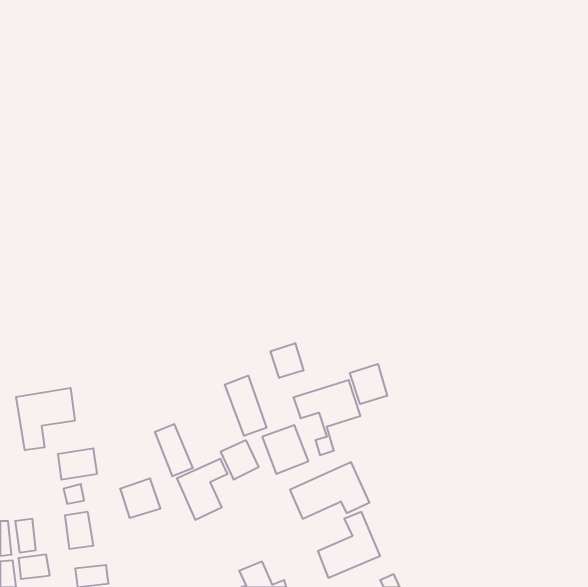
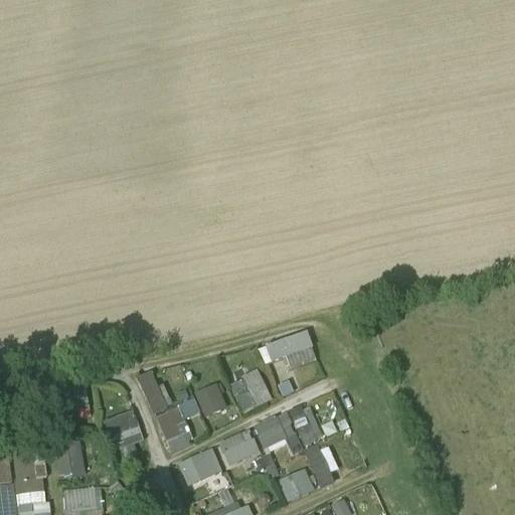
building: [271,343,303,378] -> none
building: [350,364,387,404] -> none
building: [225,376,267,436] -> none
building: [16,388,75,450] -> none
building: none -> [218,428,261,467]
building: none -> [178,448,223,486]

